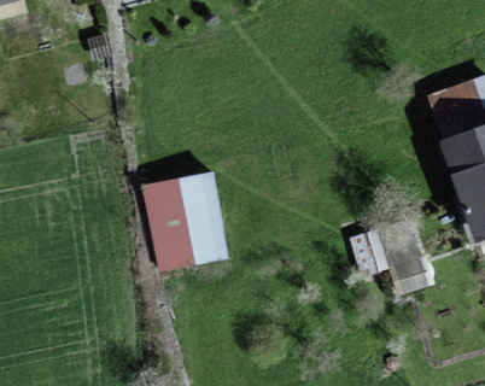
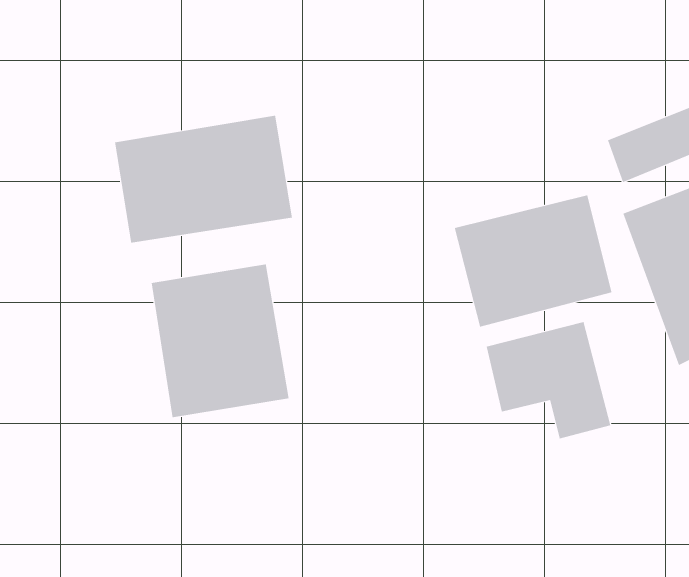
building: none -> [115,115,292,244]
building: none -> [454,195,612,327]

